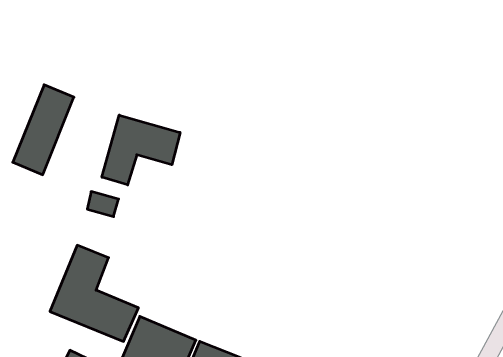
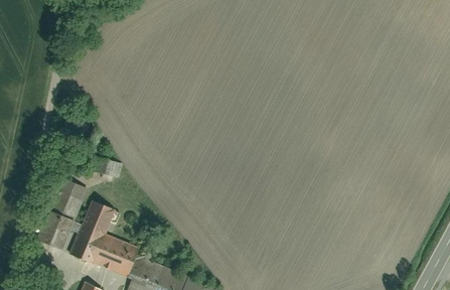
building: [13,85,74,175] -> [38,178,88,251]
building: [102,115,180,185] -> none

